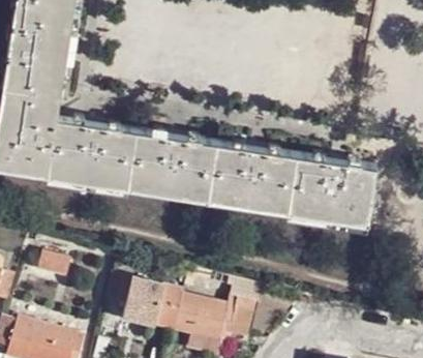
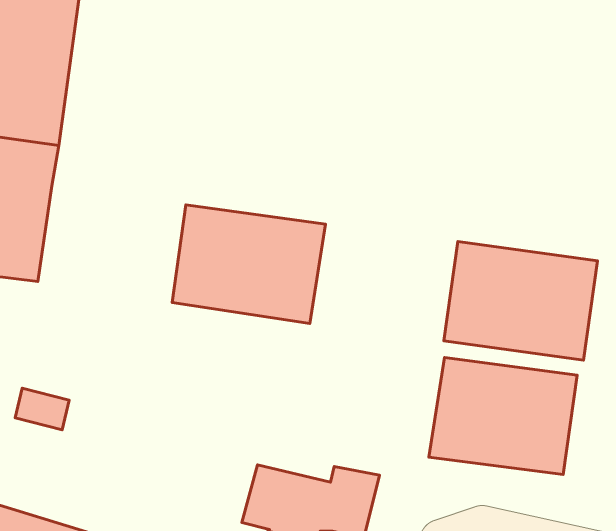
building: [50,126,138,196] -> none
building: [211,149,299,218] -> [429,358,577,475]
building: [107,272,181,326] -> none

